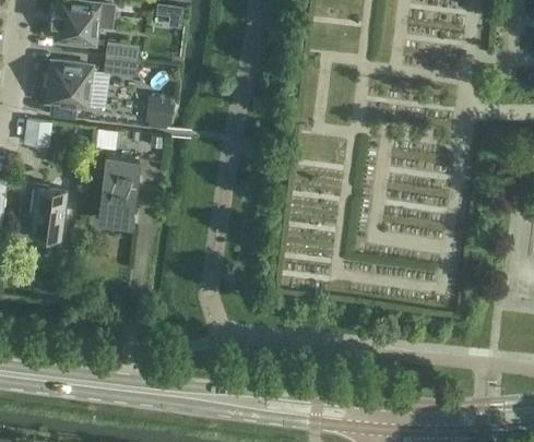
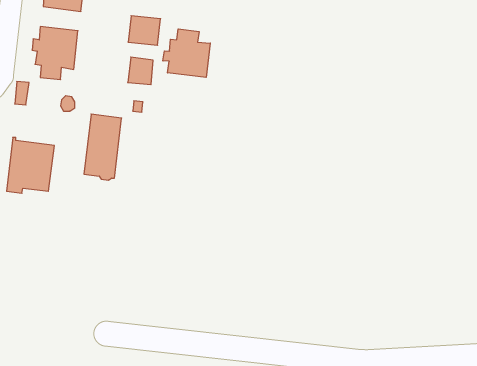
building: [104,44,139,75] -> [128,16,161,45]
building: none -> [163,29,210,77]

